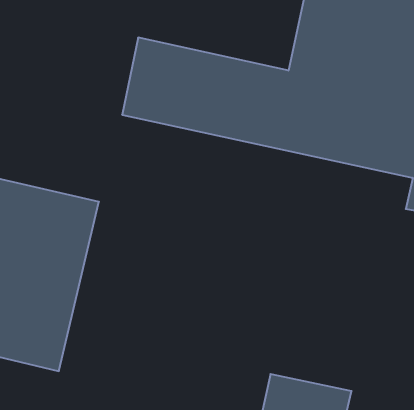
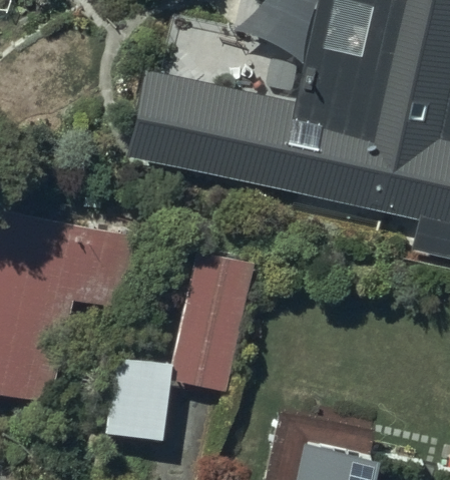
building: none -> [98,252,253,441]

